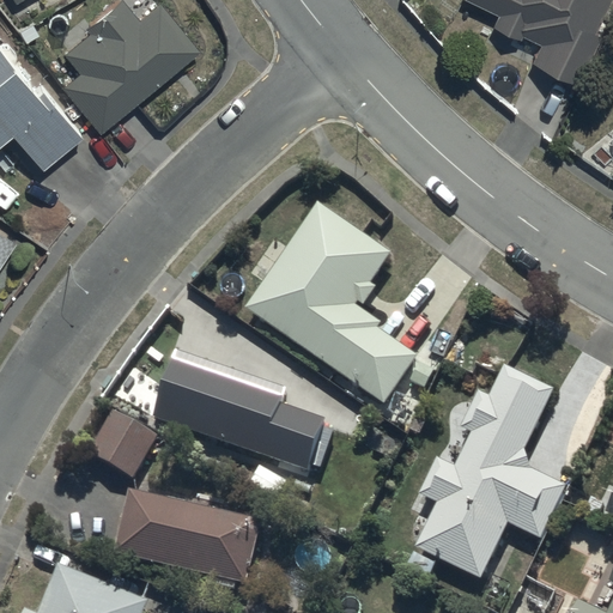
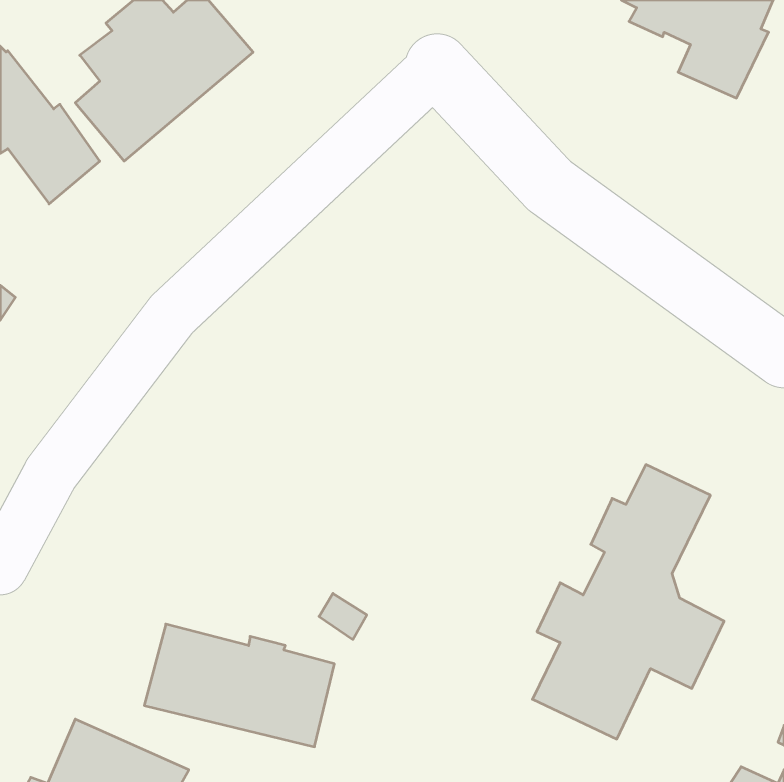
building: [244,201,418,403] -> none
building: [152,348,324,471] -> none
building: [86,409,157,478] -> none

